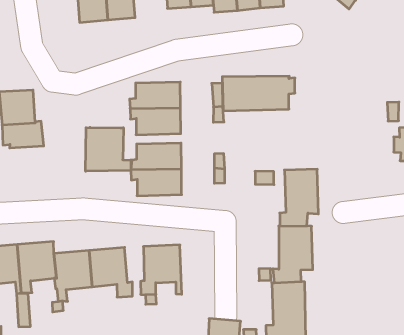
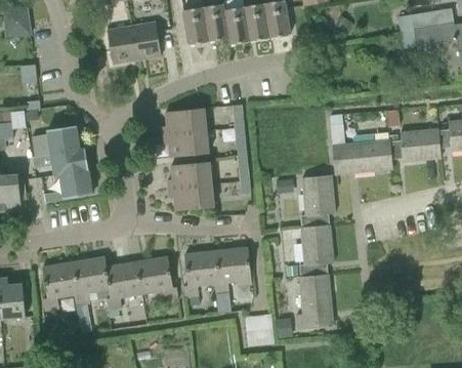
building: [222,76,295,111] -> [331,139,395,174]
building: [86,127,131,171] -> none
building: none -> [59,173,92,198]
building: none -> [215,247,251,293]

